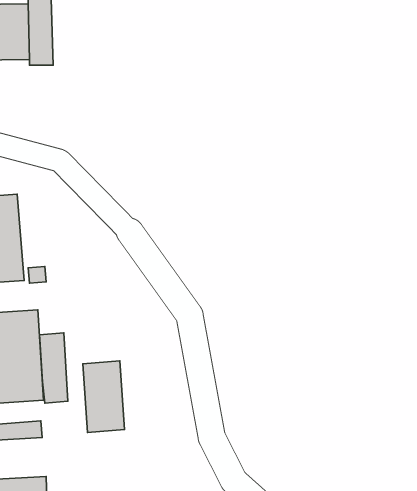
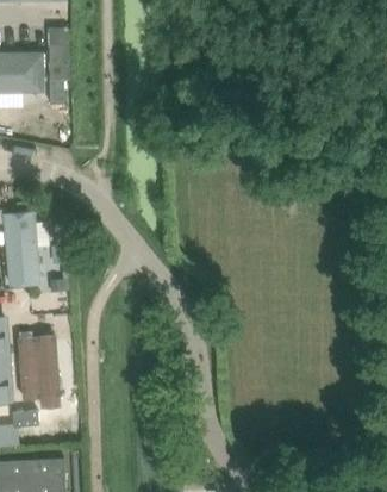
building: [39,333,68,403] -> none
building: [83,361,125,433] -> none

